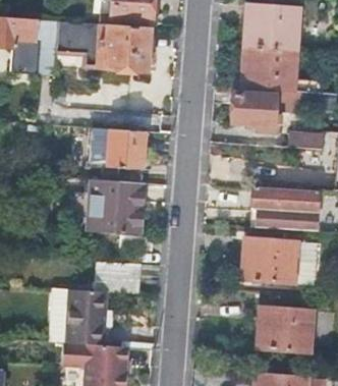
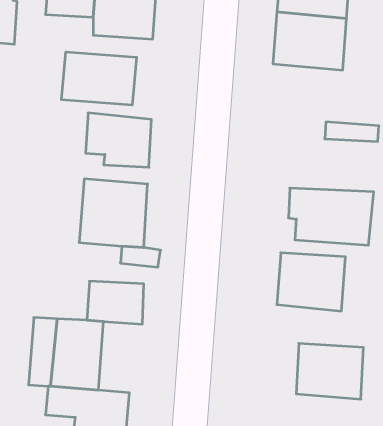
building: none -> [61,52,137,105]
building: [215,90,300,126] -> none

